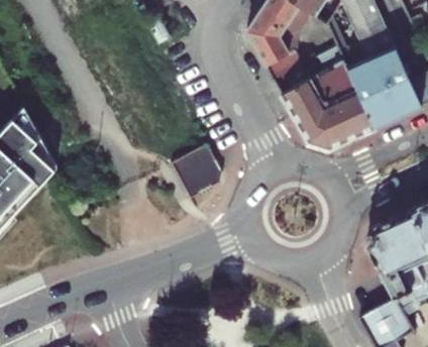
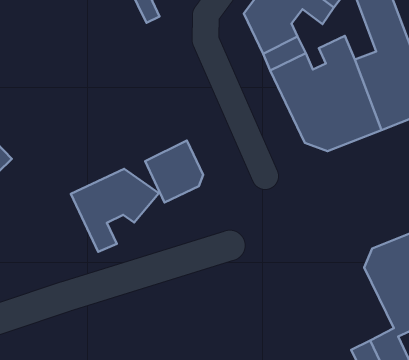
building: none -> [71,169,159,252]

